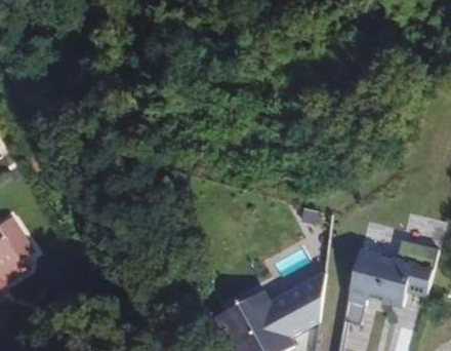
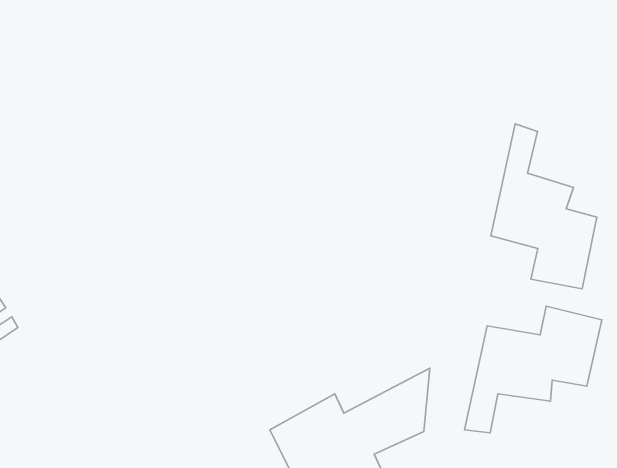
building: none -> [491,124,597,289]

